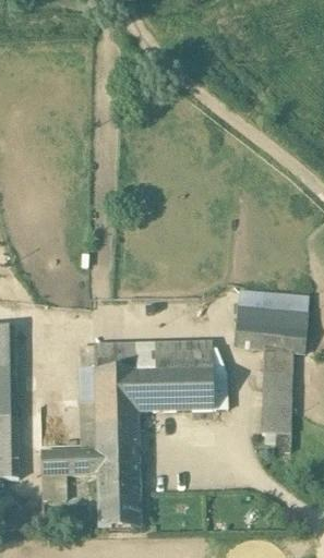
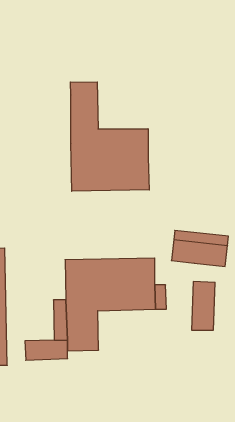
building: none -> [70,82,149,191]
building: [261,343,290,368] -> none
building: [97,457,140,523] -> none

